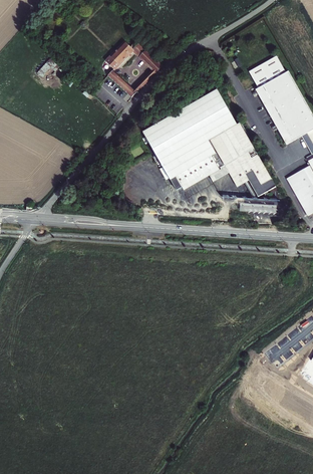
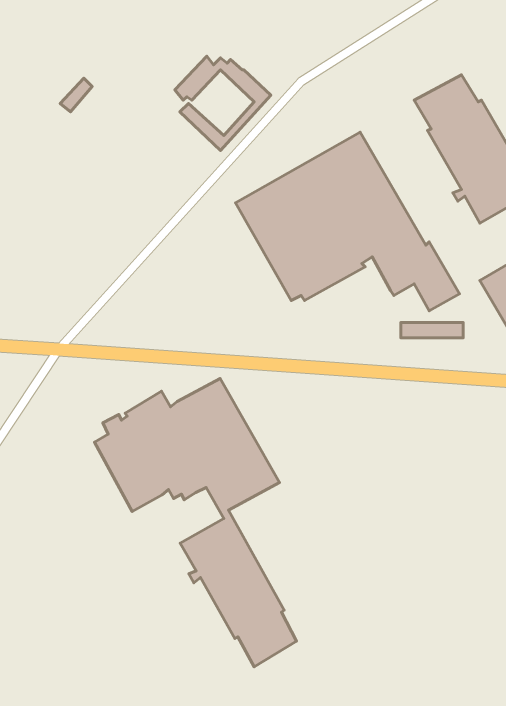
building: none -> [94,378,297,667]

